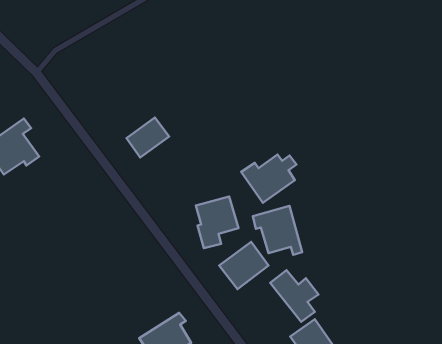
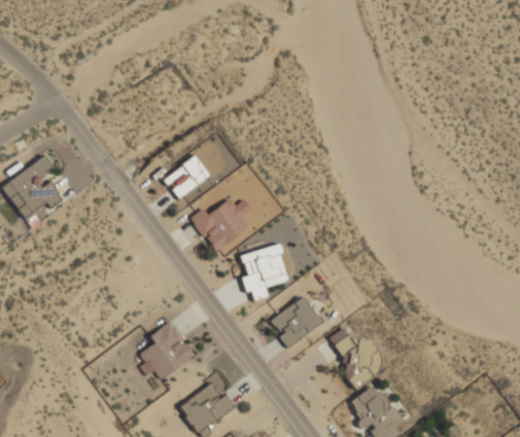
building: [241,155,297,203] -> [188,198,251,253]
building: [253,206,302,255] -> none
building: none -> [139,320,196,380]

